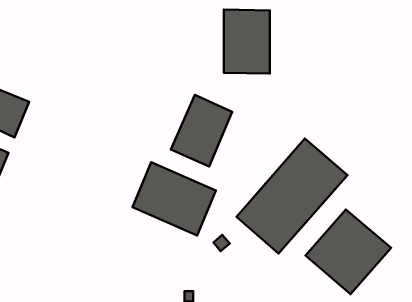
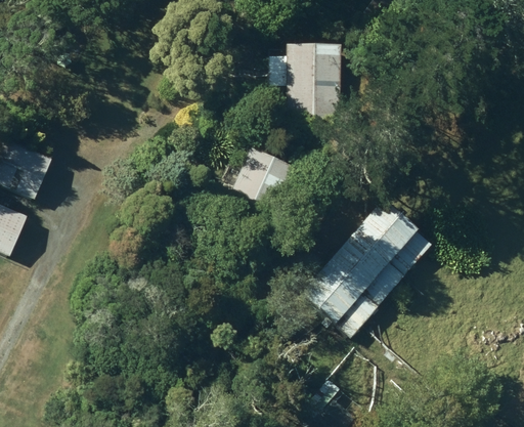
building: [132,162,216,235] -> none
building: [305,209,391,294] -> none

